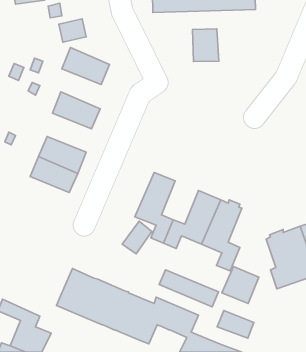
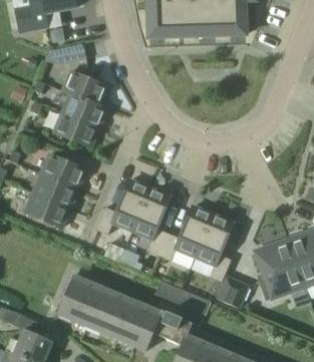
building: [192,29,219,62] -> none
building: none -> [61,89,106,127]
building: none -> [95,177,149,234]
building: none -> [24,192,69,227]
building: [217,311,254,338] -> none

